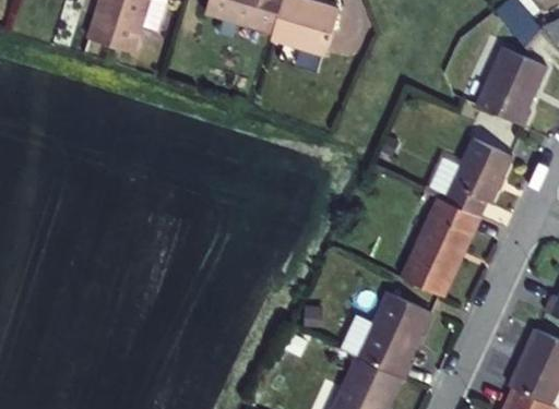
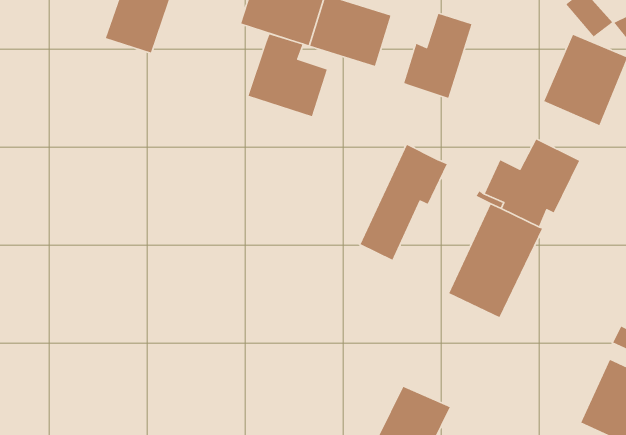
building: none -> [403,13,473,99]
building: none -> [248,33,328,117]
building: none -> [360,144,448,261]
building: [357,285,436,370] -> none

